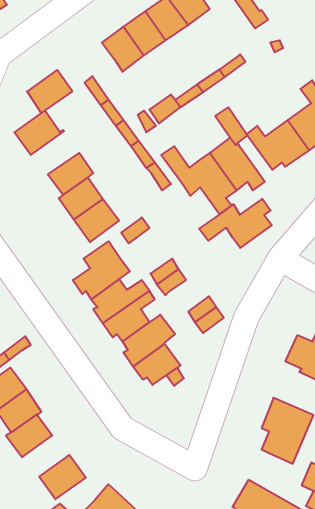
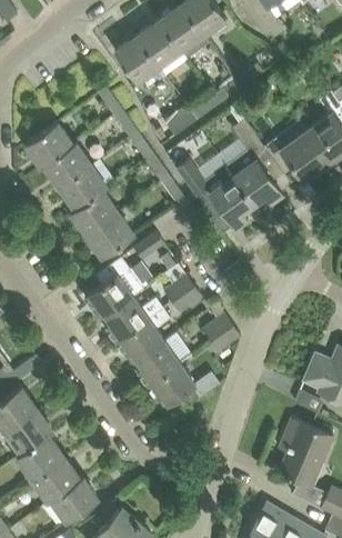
building: [27,70,72,113] -> [44,145,91,189]
building: [199,199,272,248] -> none
building: none -> [32,458,79,502]

